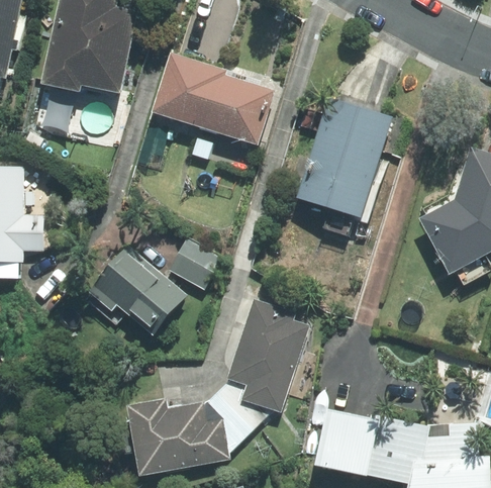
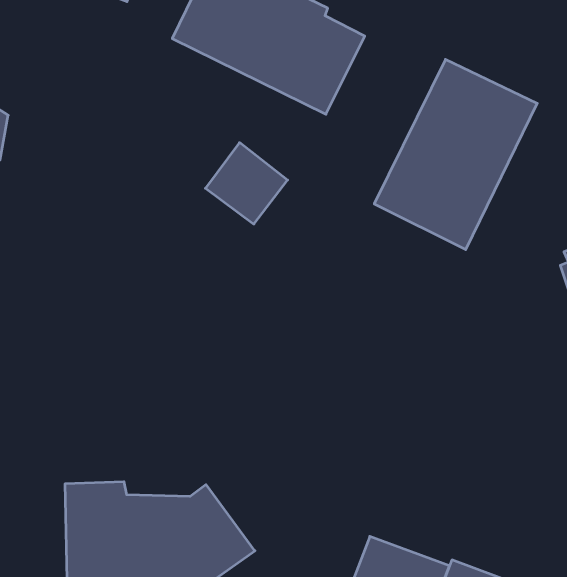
building: [169,238,220,289] -> [205,143,288,224]
building: [84,245,187,335] -> none
building: [216,299,308,429] -> none

